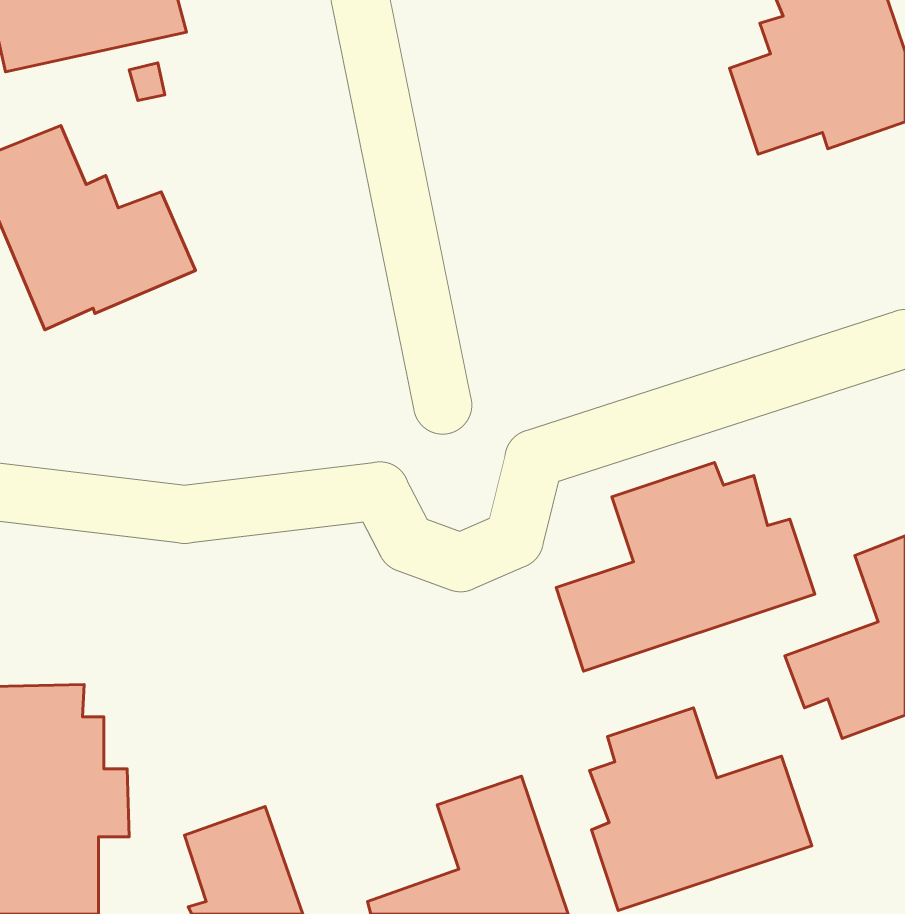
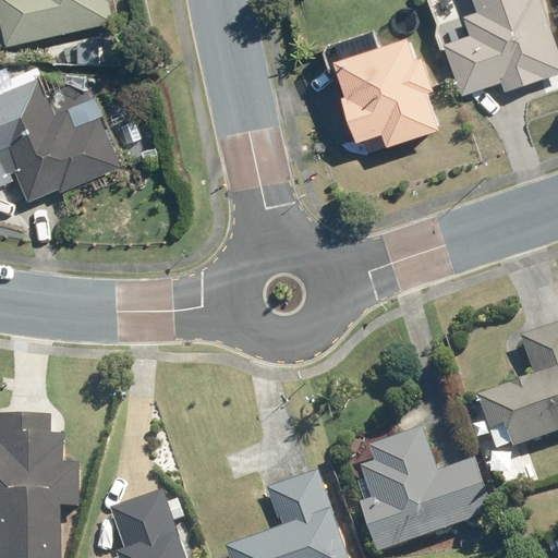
building: none -> [338,35,441,144]
building: [556,463,815,671] -> none

